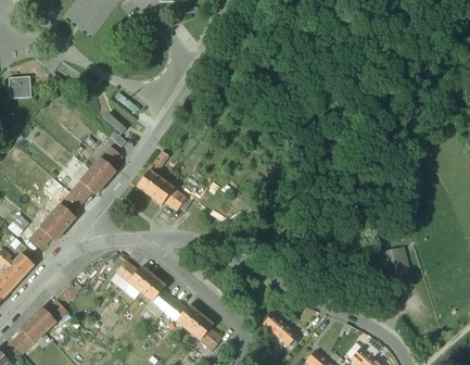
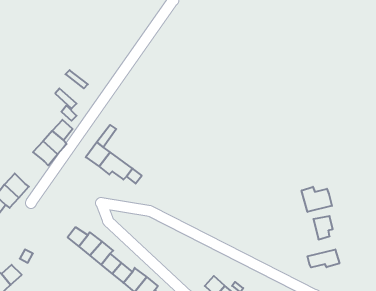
building: [60,180,91,214] -> none
building: none -> [302,187,332,212]
building: none -> [307,249,339,267]

